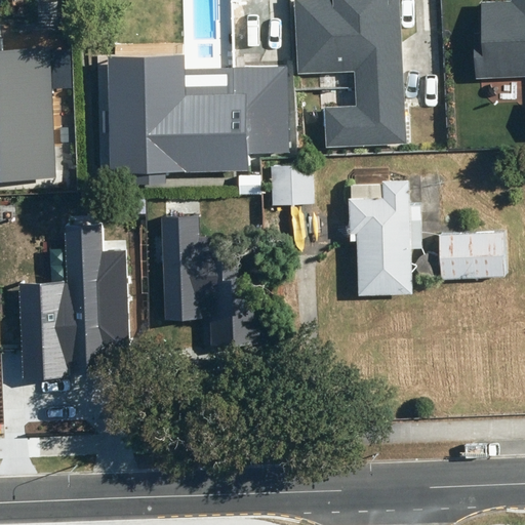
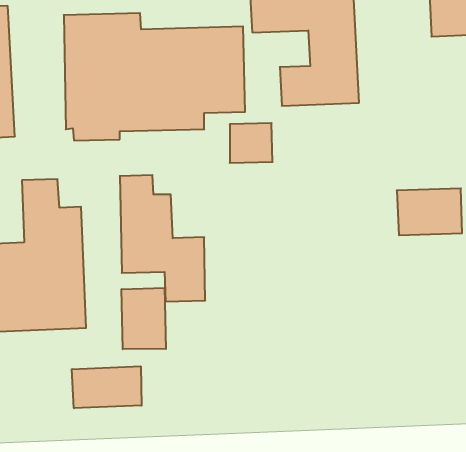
building: [351,177,414,293] -> none
building: none -> [122,288,166,349]
building: none -> [72,366,142,408]

